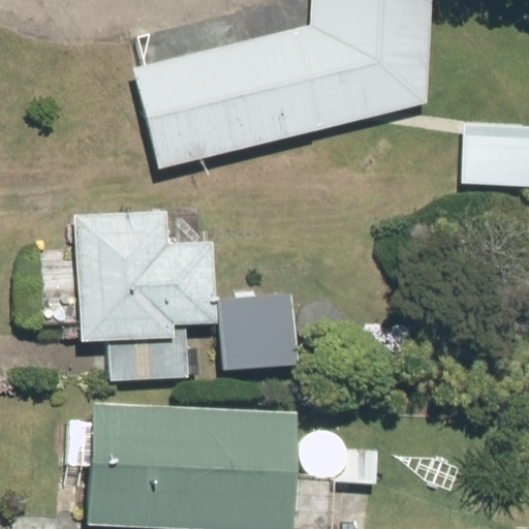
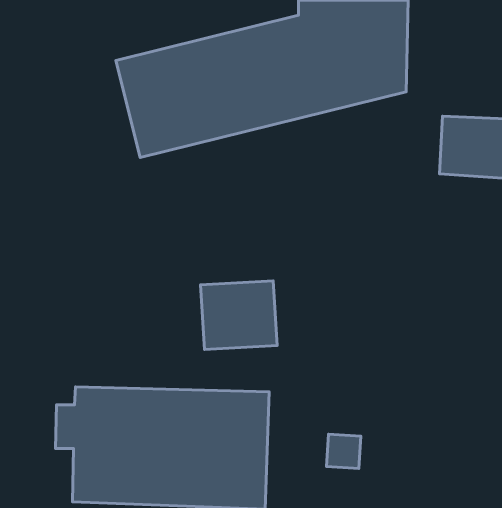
building: [75,213,217,341] -> none

